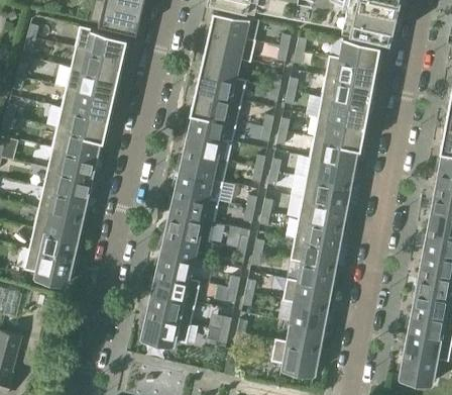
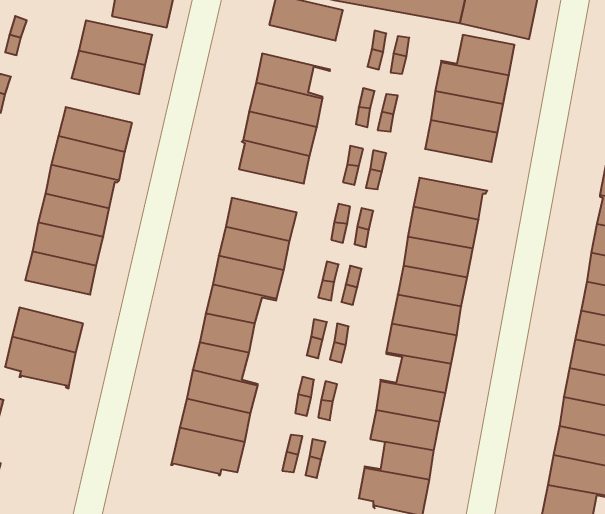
building: [204,29,255,61] -> none
building: [67,67,118,98] -> none
building: [314,116,364,145] -> none
building: [183,130,233,161] -> none
building: [34,208,84,238] -> none

